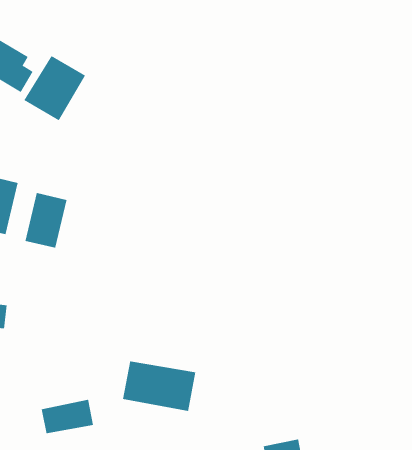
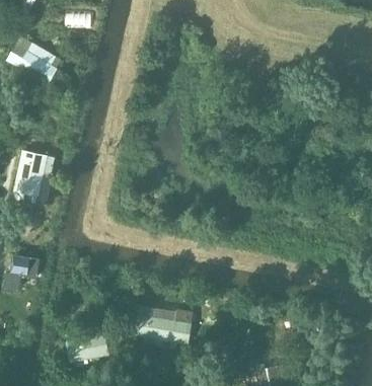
building: [23,55,86,121] -> none
building: [25,192,67,249] -> none

